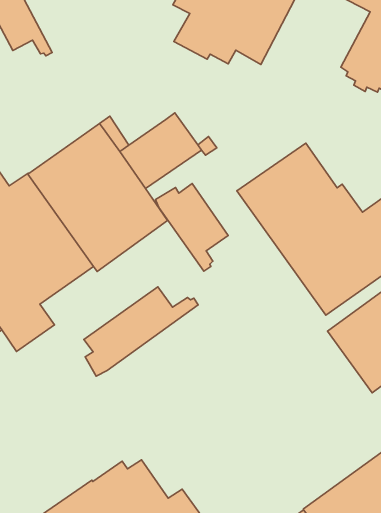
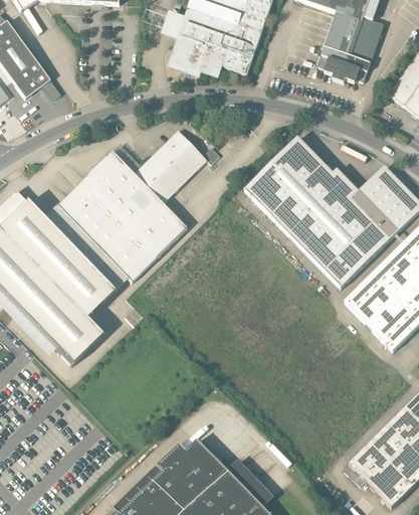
building: [155,184,228,271] -> none
building: [84,287,198,376] -> none

